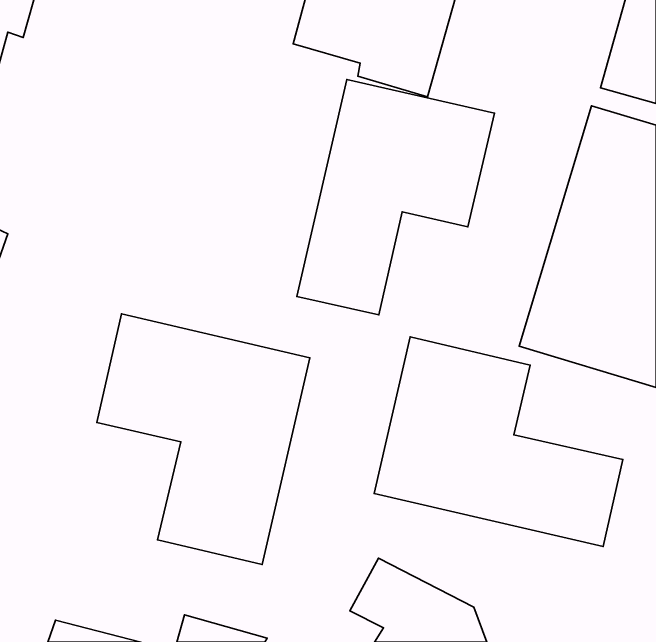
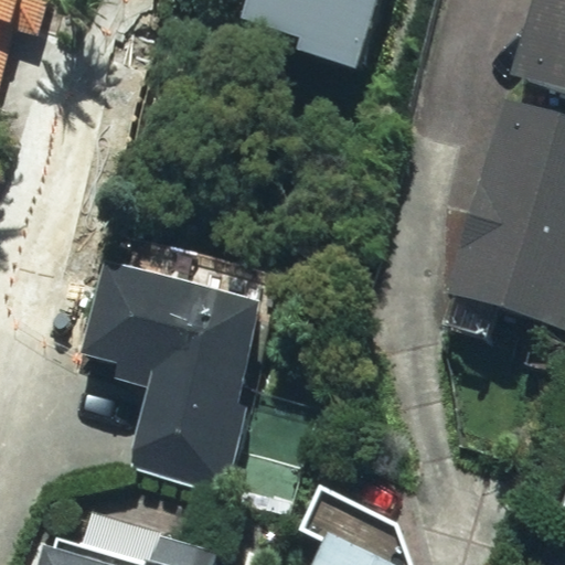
building: [297,80,494,315] -> none
building: [374,337,623,546] -> none

